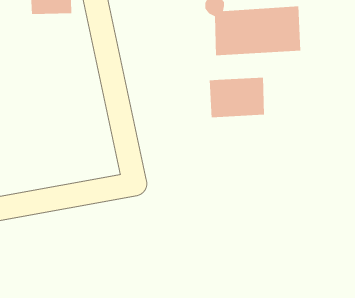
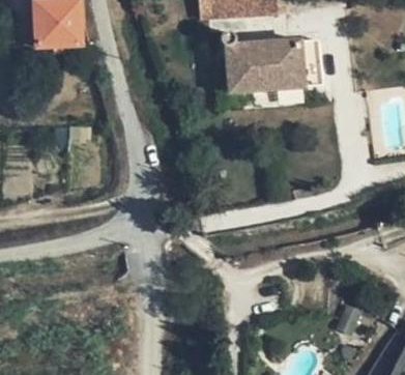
building: [209,77,264,118] -> none

